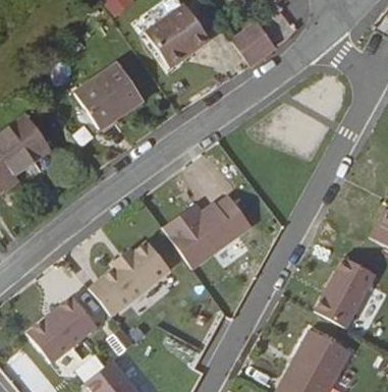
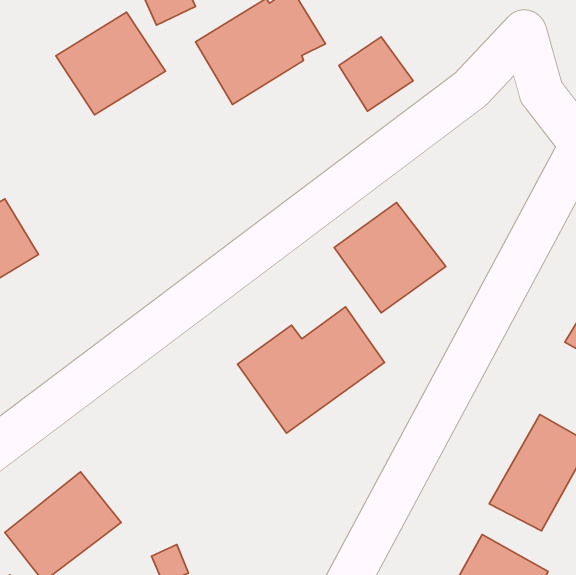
building: [73,73,140,135] -> [56,12,165,115]
building: none -> [334,202,446,313]
building: [87,236,167,311] -> none

